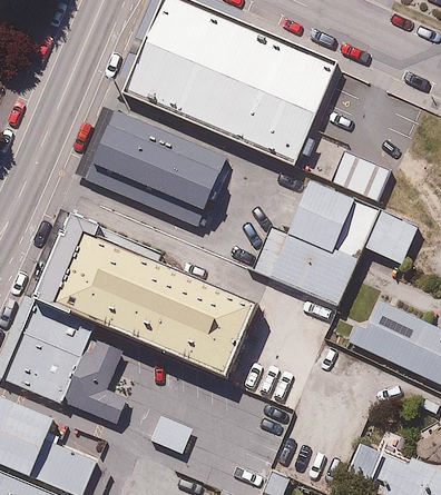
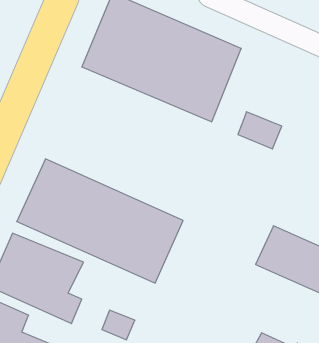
building: [84,103,237,232] -> none
building: [245,172,418,307] -> none

